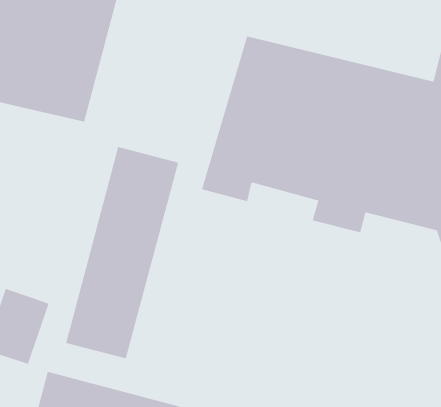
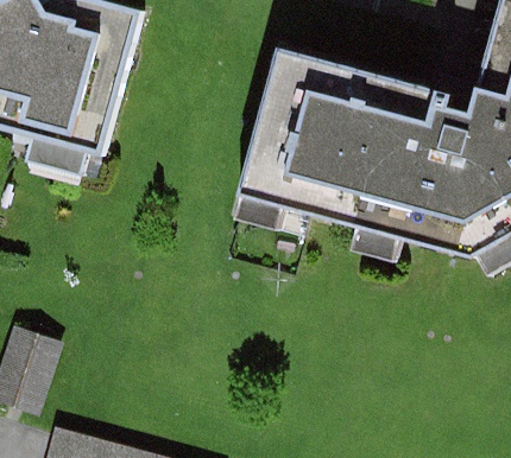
building: [65,146,179,359] -> none

